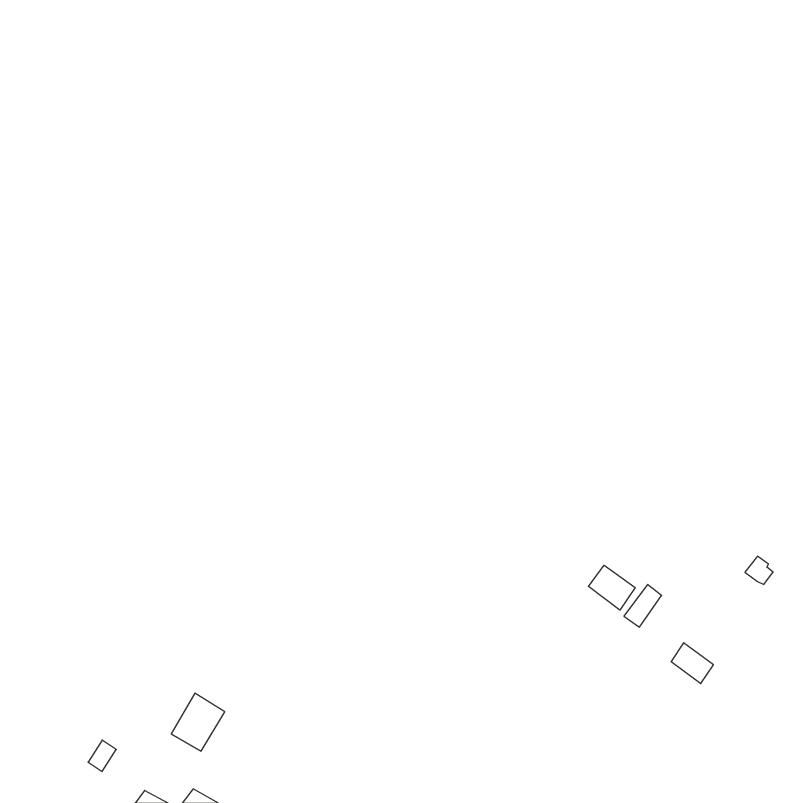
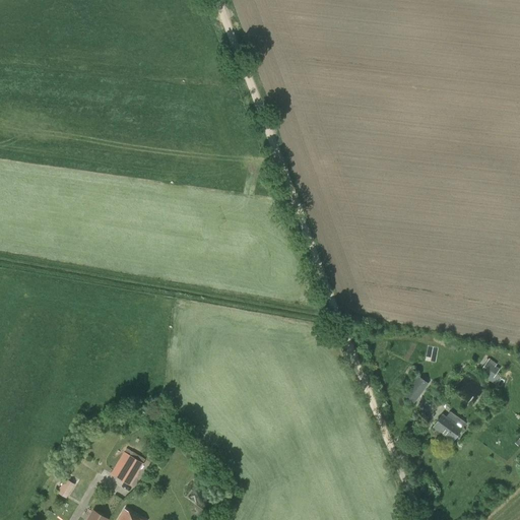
building: [588,565,635,610] -> none

